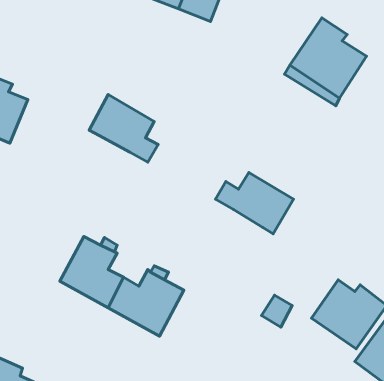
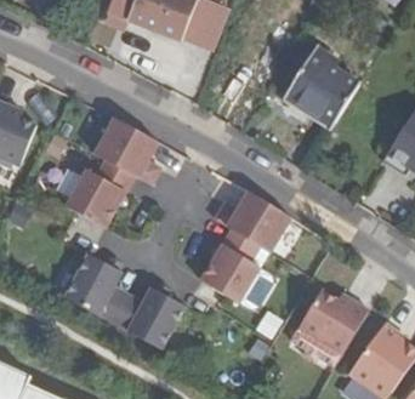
building: none -> [66,158,133,227]
building: none -> [200,228,261,302]

